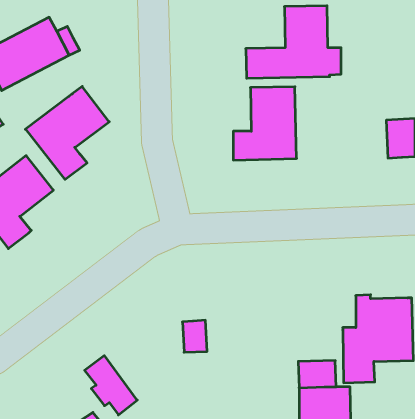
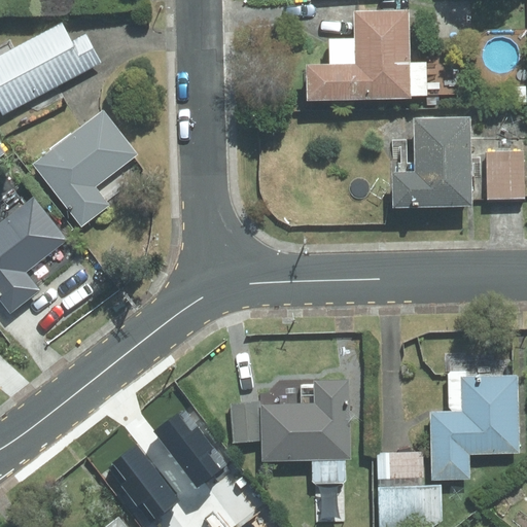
building: [233,87,297,160] -> [394,115,473,207]
building: none -> [260,380,350,485]
building: none -> [147,415,215,490]

